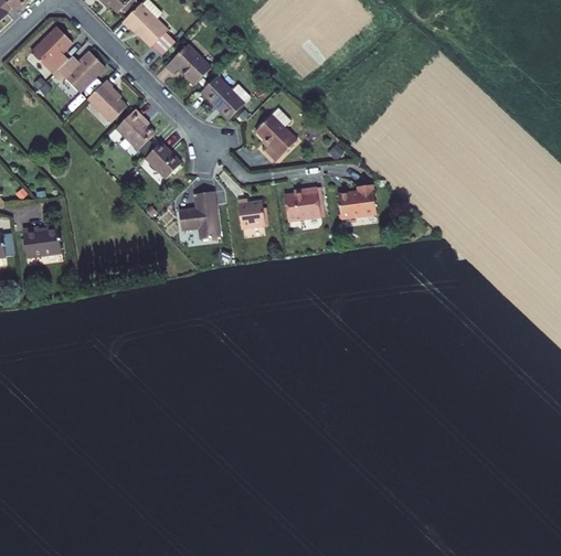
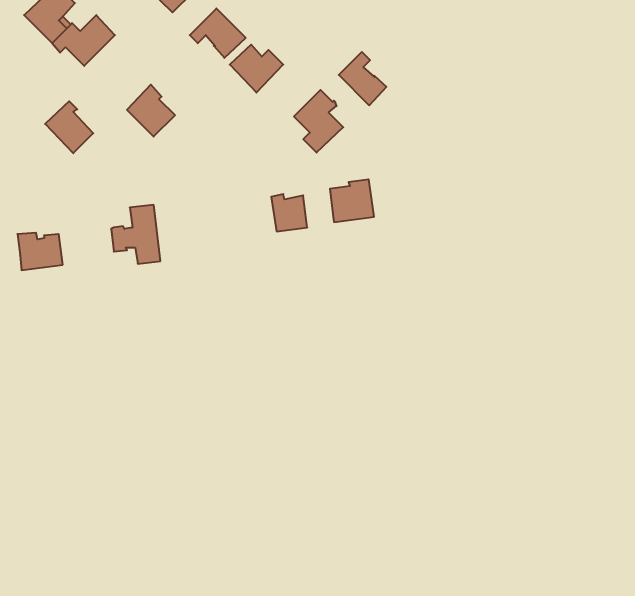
building: [88,79,128,122] -> [45,101,93,153]
building: none -> [339,52,386,105]
building: [145,142,182,180] -> none
building: [335,184,370,220] -> none
building: [177,191,218,239] -> [111,205,160,264]

